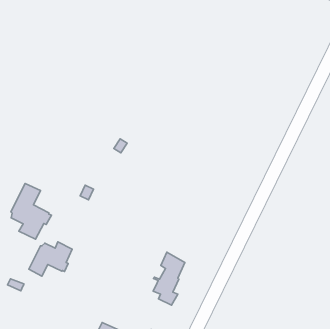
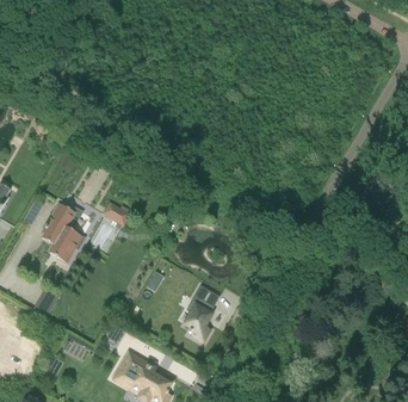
building: [29,242,72,276] -> none

